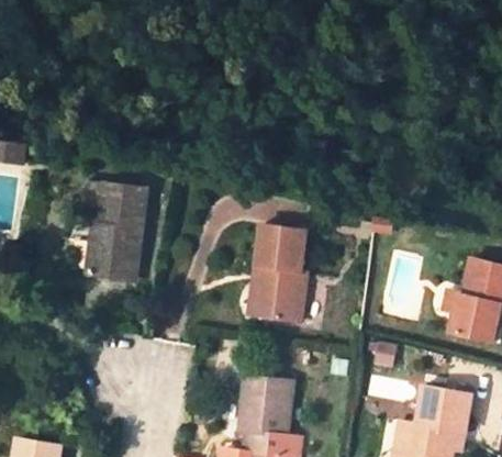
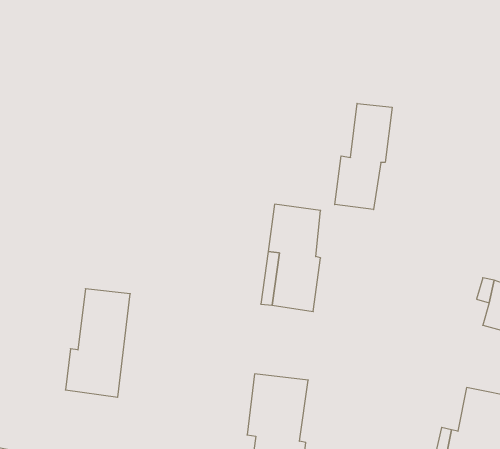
building: none -> [335,103,392,210]
building: [87,183,144,279] -> [65,289,130,397]

